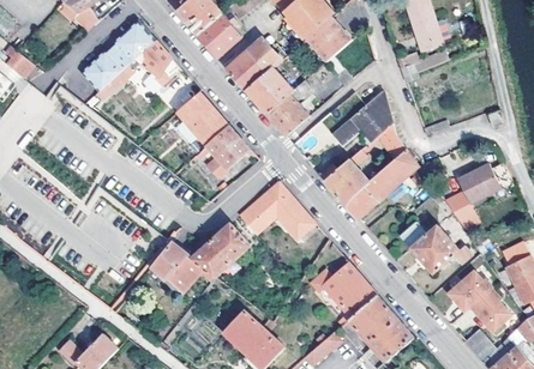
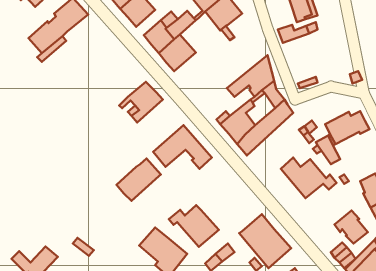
building: [130,41,172,84] -> none
building: [265,78,311,135] -> none
building: [178,92,229,145] -> none
building: [148,241,202,292] -> none
building: [313,262,377,315] -> [169,205,219,247]
building: [448,271,492,313] -> none

